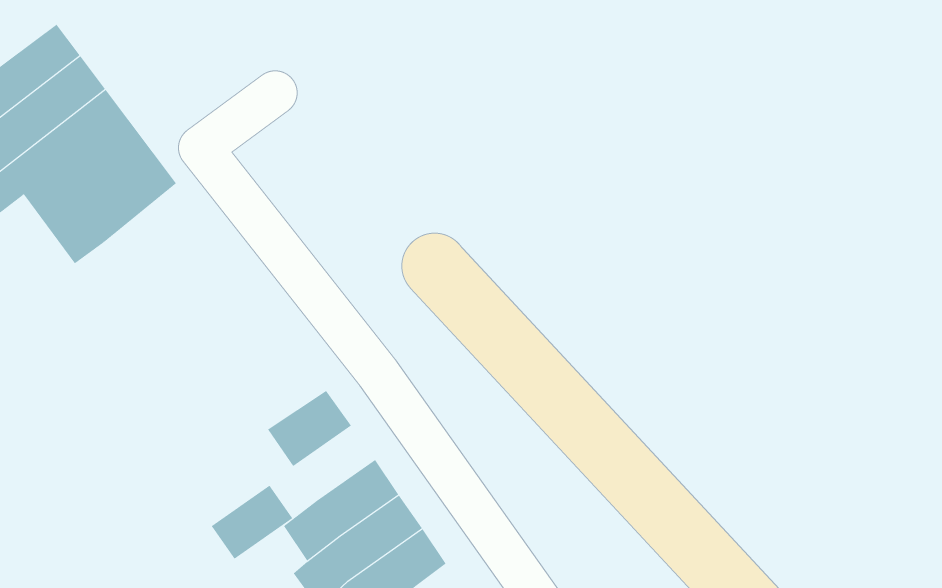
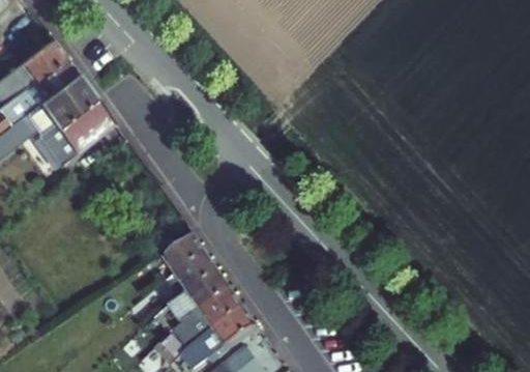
building: [211,485,293,560] -> [174,251,217,290]

